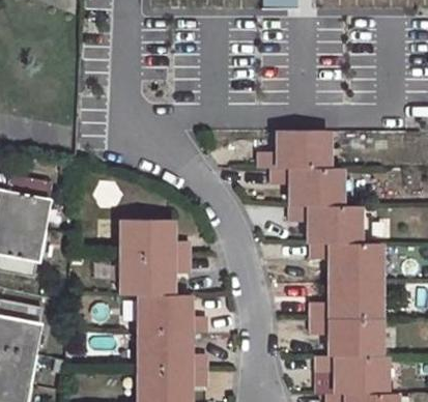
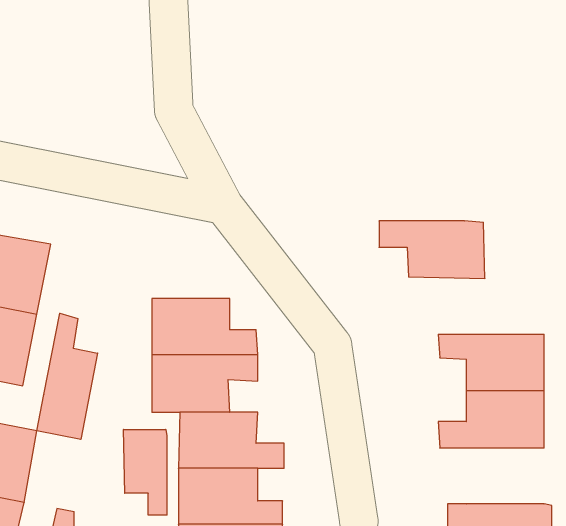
building: [259,130,329,167] -> none
building: [291,204,360,242] -> none
building: none -> [37,313,98,439]
building: none -> [124,429,167,515]
building: [312,318,381,355] -> none

